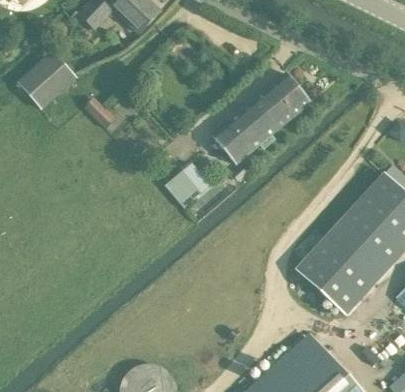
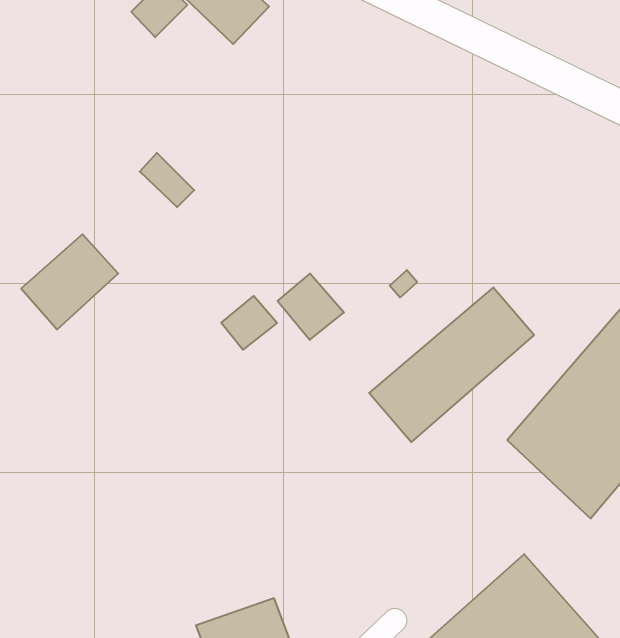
building: [17,52,74,108] -> [21,234,118,329]
building: [211,74,308,165] -> [369,287,534,442]
building: none -> [221,296,277,350]

